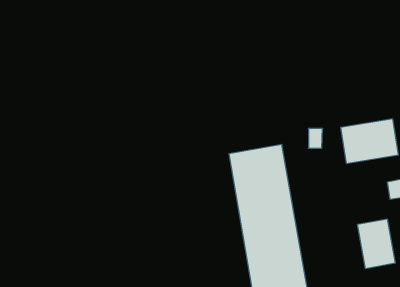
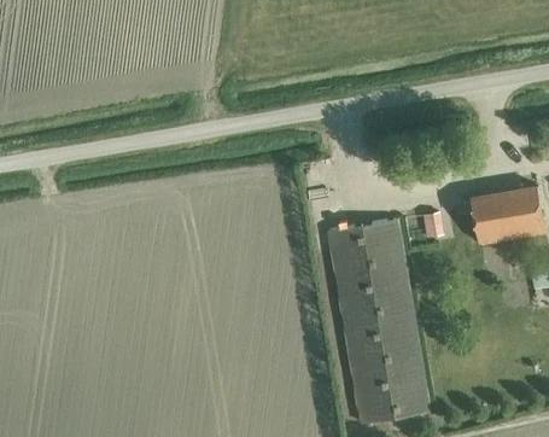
building: [358,219,395,269] -> none

